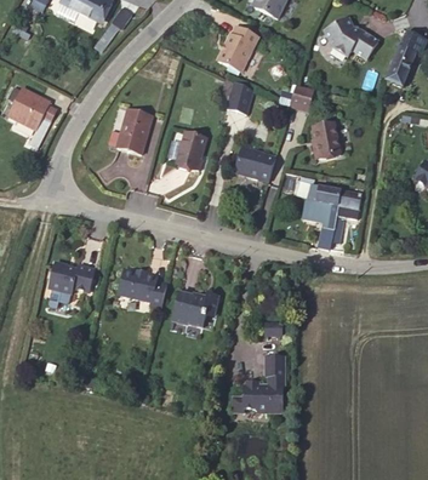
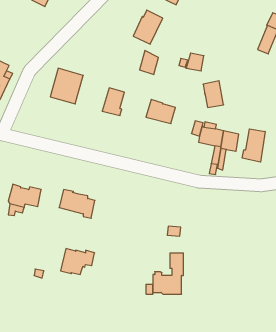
building: [325,19,378,59] -> none
building: none -> [242,129,265,162]
building: [172,292,218,327] -> [61,249,95,274]

